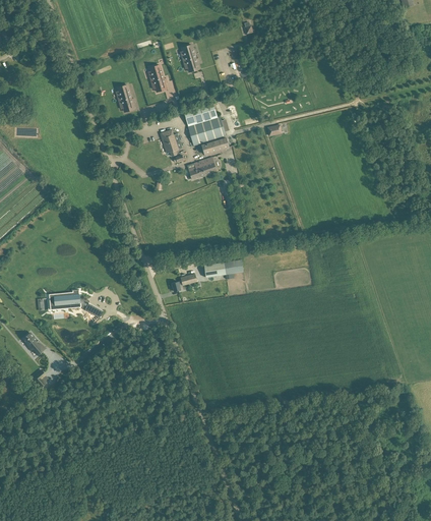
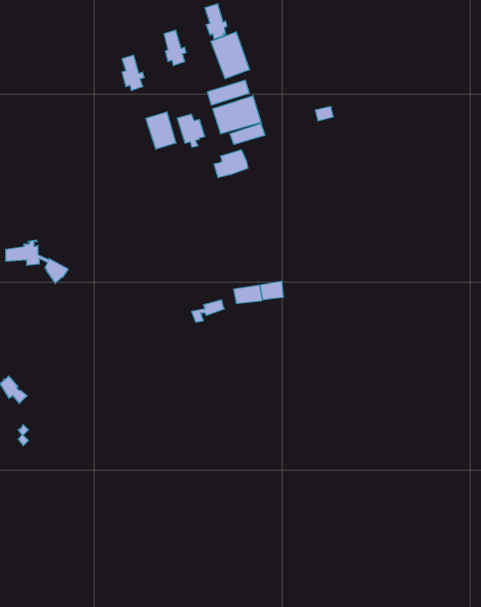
building: none -> [211,32,250,79]
building: none -> [146,112,176,149]
building: [54,288,103,322] -> [5,240,68,284]

